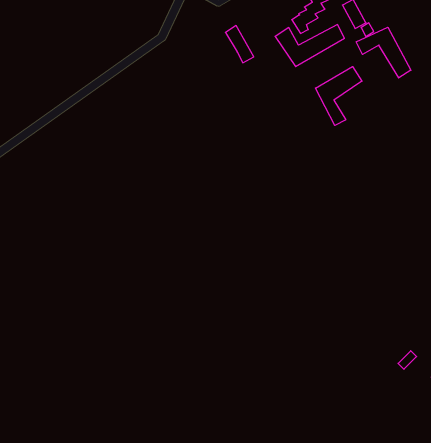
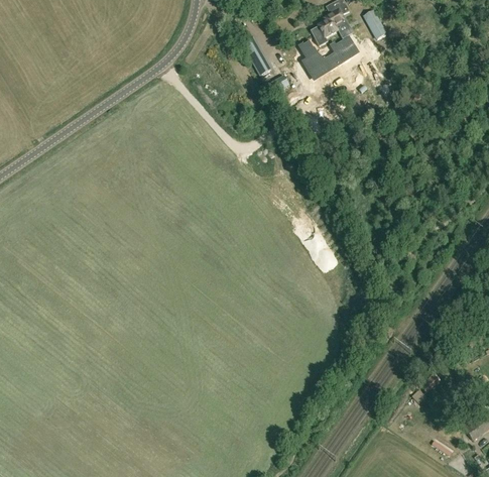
building: [356,27,411,78] -> none
building: [315,67,362,125] -> none

